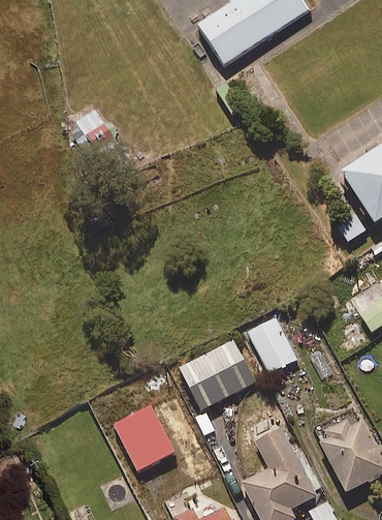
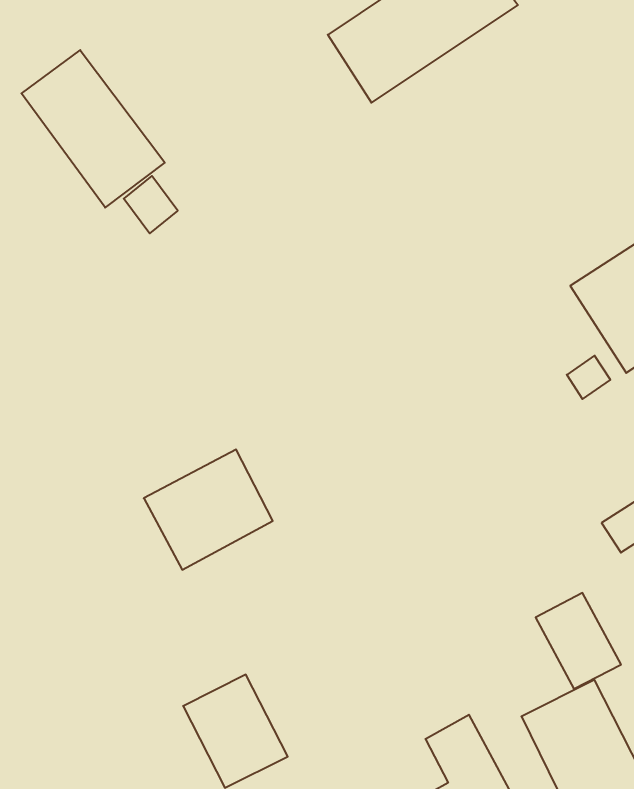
building: none -> [21,50,165,208]
building: [247,315,297,372] -> [536,593,621,689]
building: [178,339,254,410] -> [144,449,273,570]

